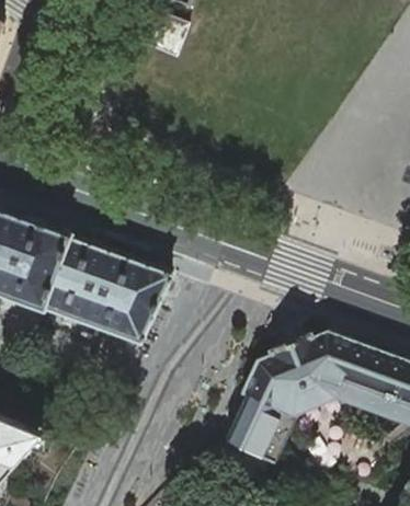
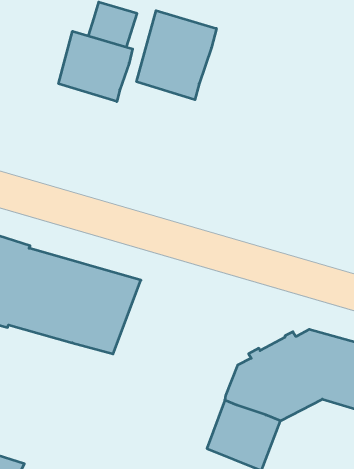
building: none -> [137,11,216,100]
building: none -> [59,31,133,102]

